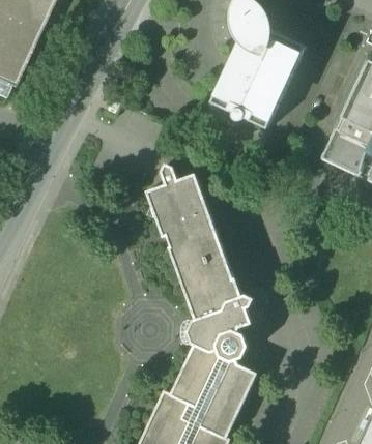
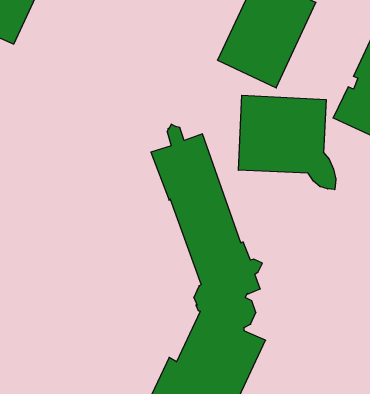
building: none -> [238,95,336,190]

